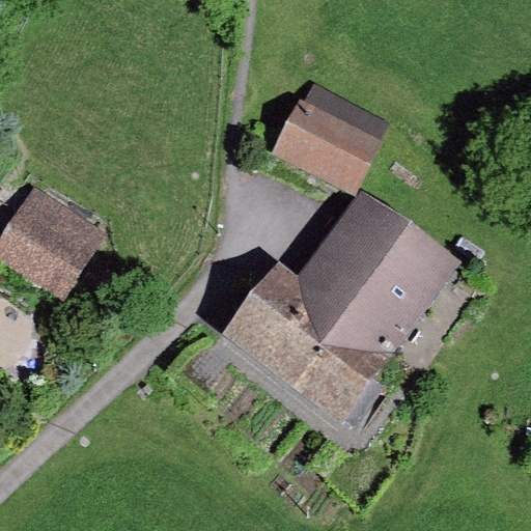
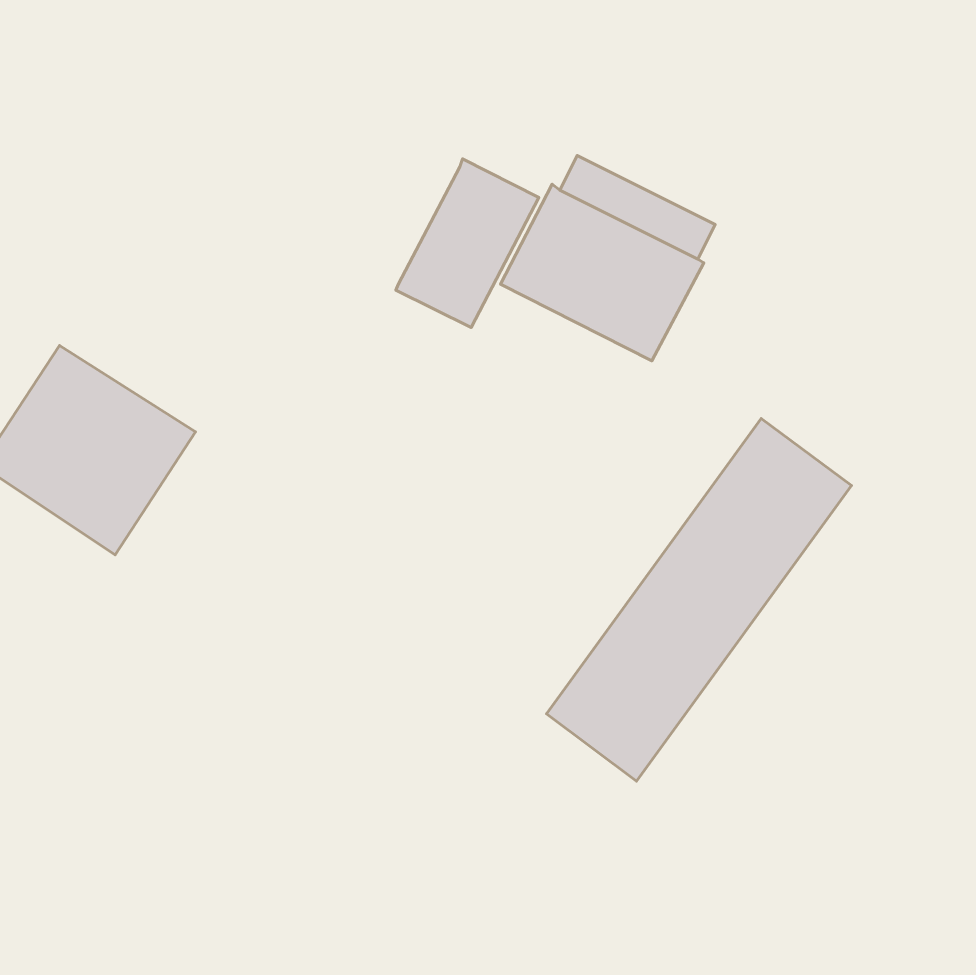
building: none -> [396,159,539,327]
building: [224,189,412,386] -> none

